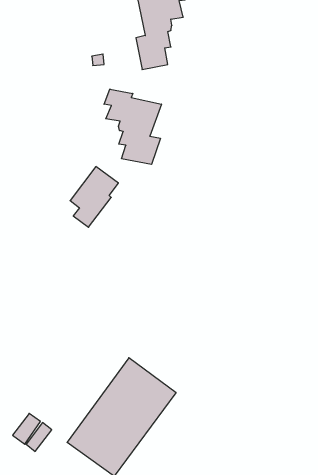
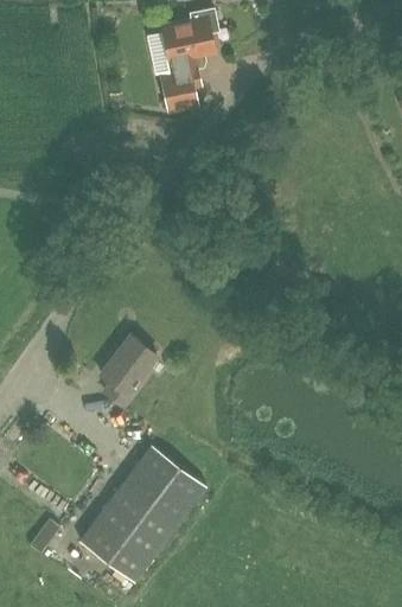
building: [104,89,161,164] -> none
building: [70,167,118,227] -> [102,337,158,407]

